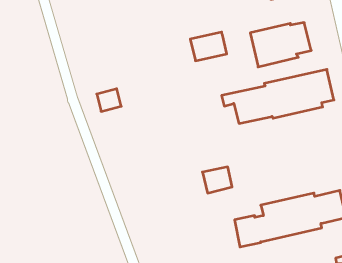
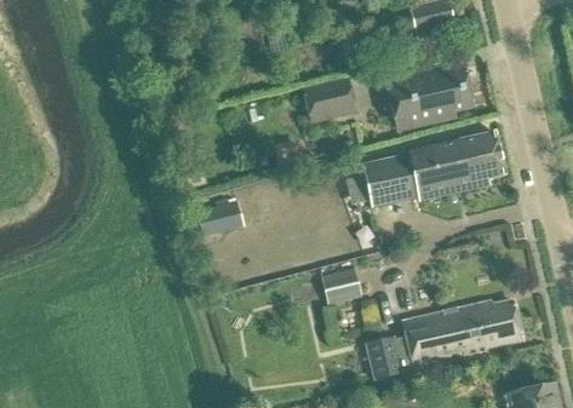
building: [97,89,121,111] -> [210,201,243,232]

